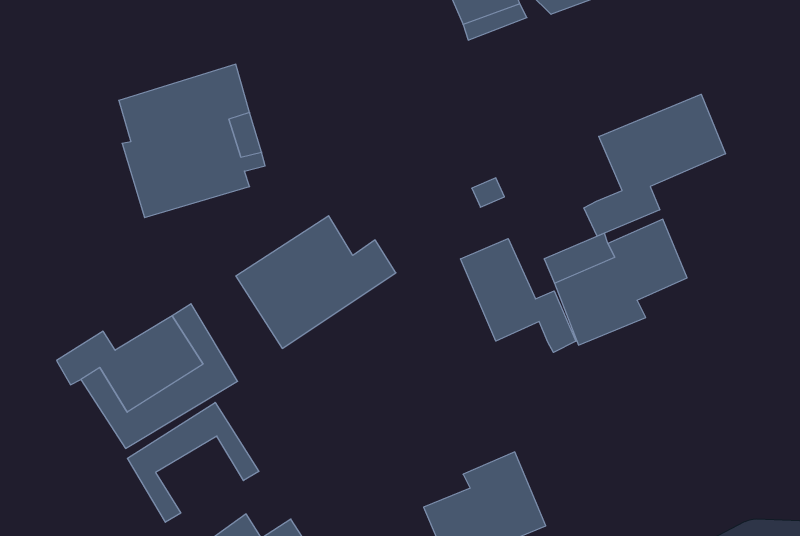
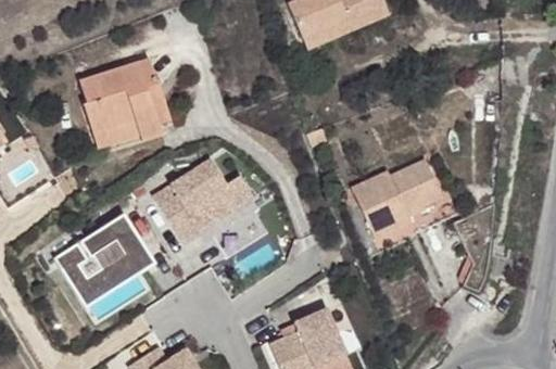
building: [584,94,725,236] -> none
building: [461,239,576,352] -> none
building: [127,402,259,522] -> none

